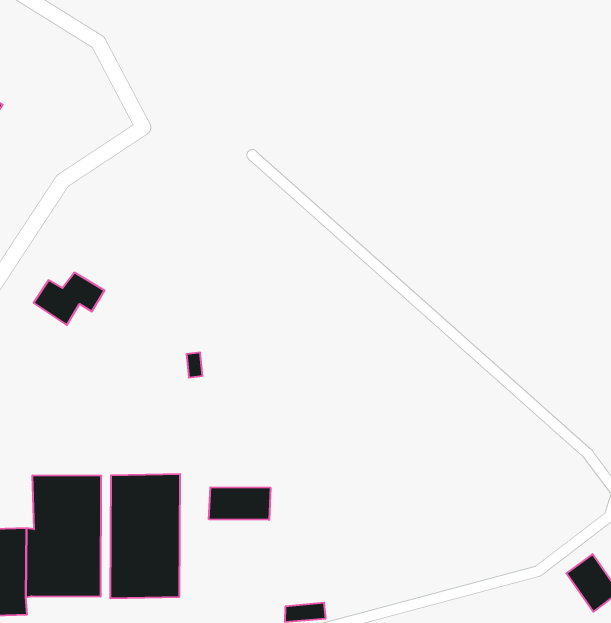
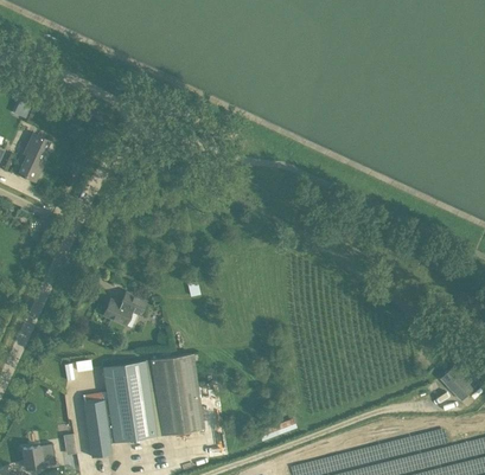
building: [34,273,105,325] -> [102,293,145,326]
building: [209,487,270,520] -> none

